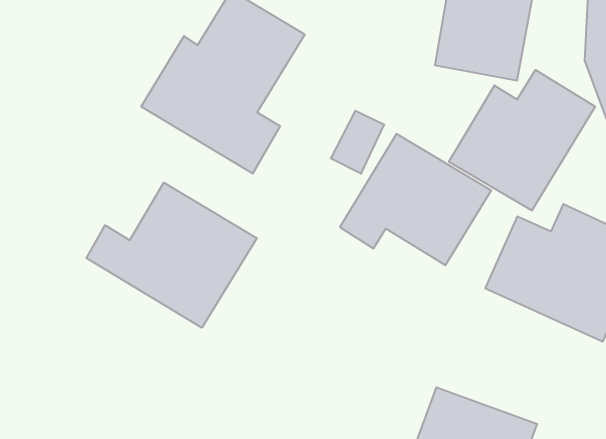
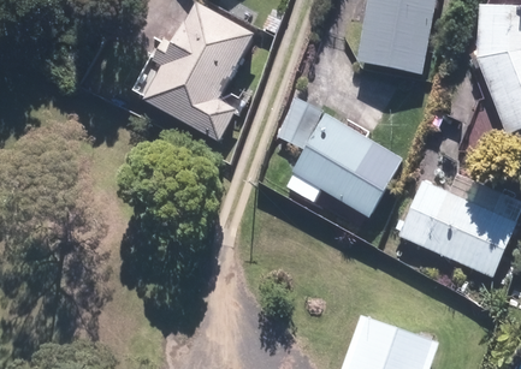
building: [449,70,595,211] -> none
building: [86,183,257,328] -> none

